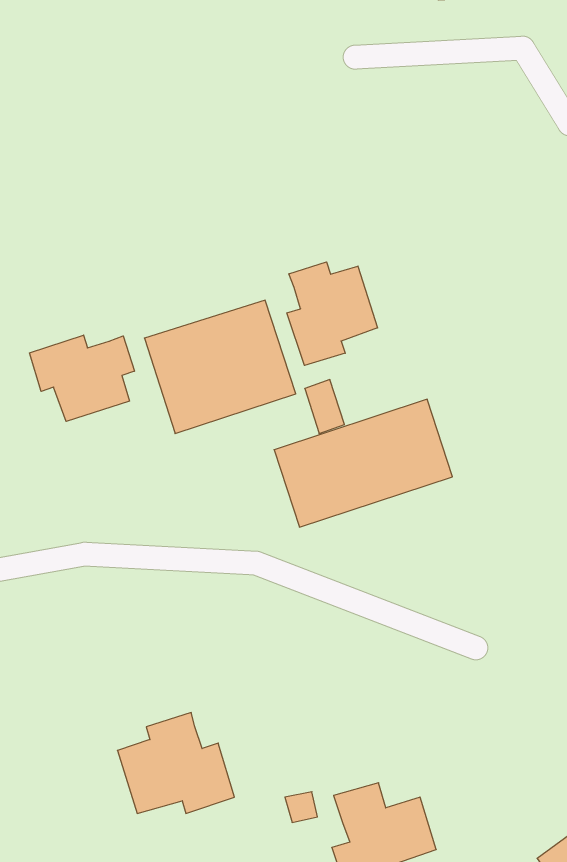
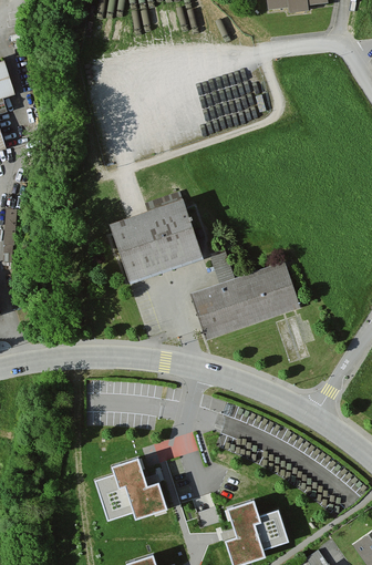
building: [287,262,378,365] -> none
building: [30,335,134,421] -> none

